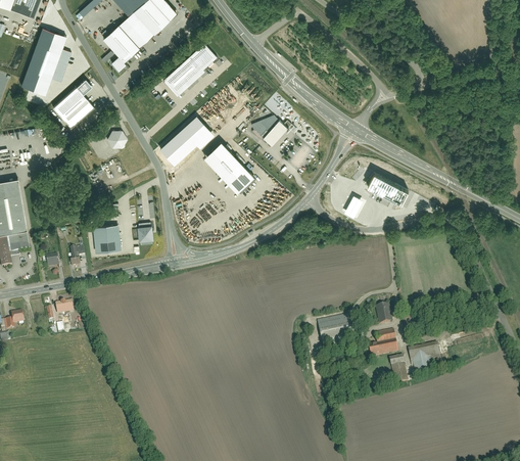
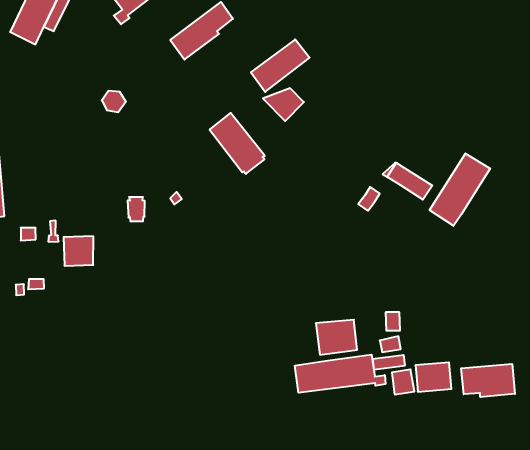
building: [53,79,94,127] -> none
building: [158,117,209,166] -> [251,39,310,92]
building: none -> [430,153,490,226]
building: [92,225,121,253] -> [64,236,93,266]
building: none -> [461,364,515,397]
building: none -> [295,355,385,393]

